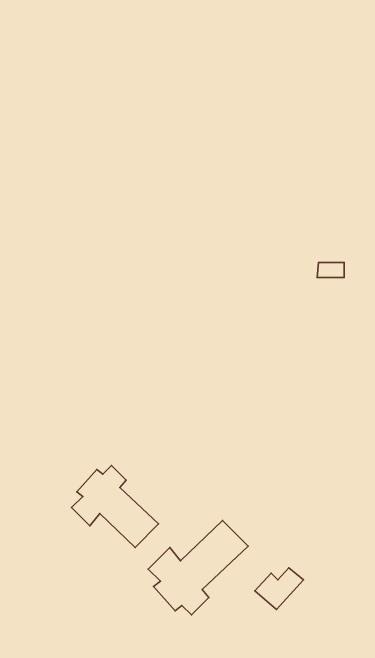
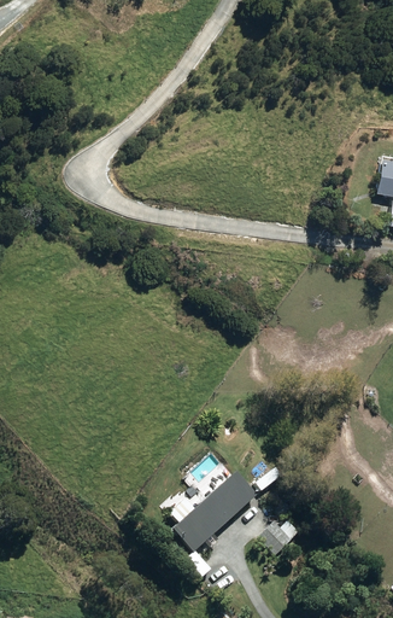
building: [72,465,159,547] -> none

